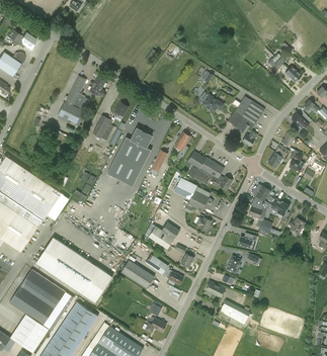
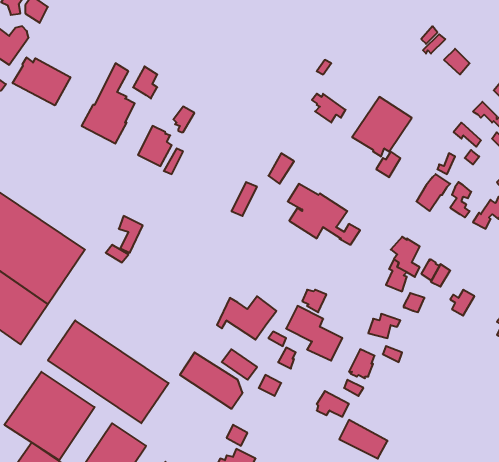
building: none -> [13,57,70,105]
building: [106,127,152,186] -> none
building: [173,177,209,211] -> [286,306,342,361]

